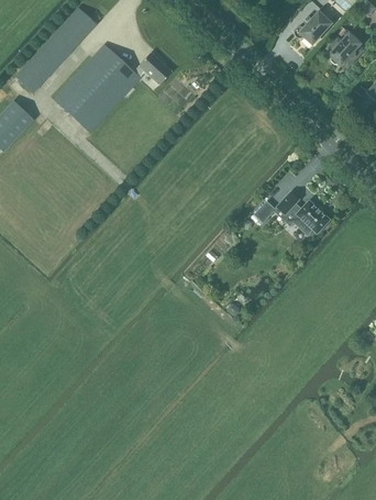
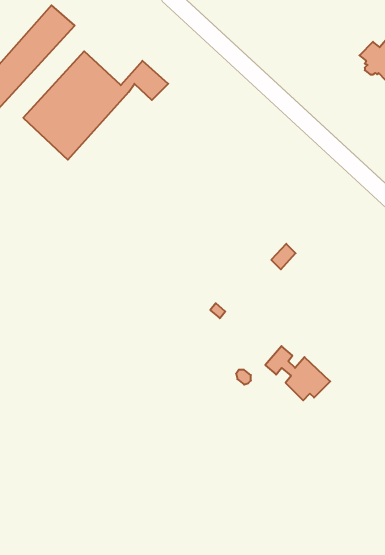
building: [295,11,332,44] -> none
building: [277,190,330,234] -> [265,346,330,400]

